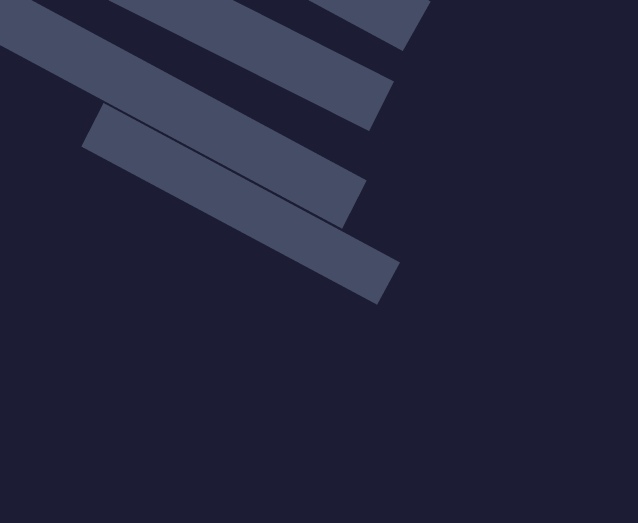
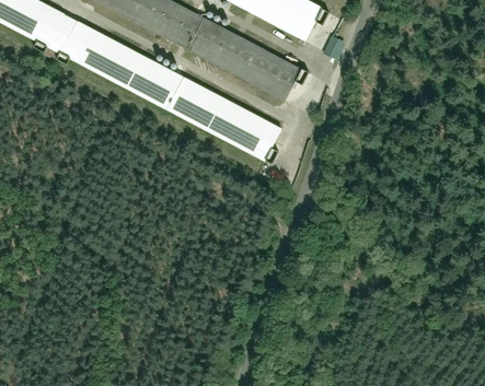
building: [80,102,401,306] -> none

